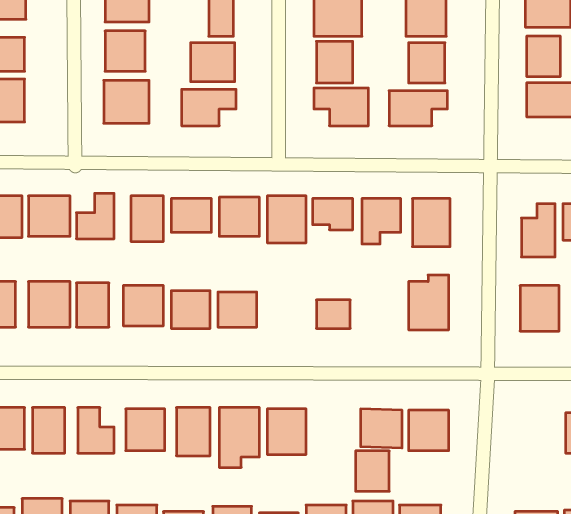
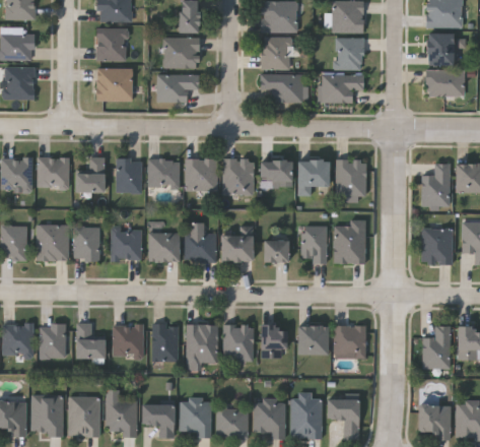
building: none -> [301,226,327,261]
building: none -> [221,235,252,261]
building: none -> [422,325,451,367]
building: [356,451,389,491] -> [260,325,286,357]

